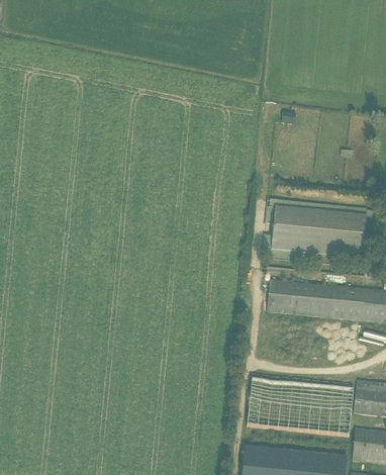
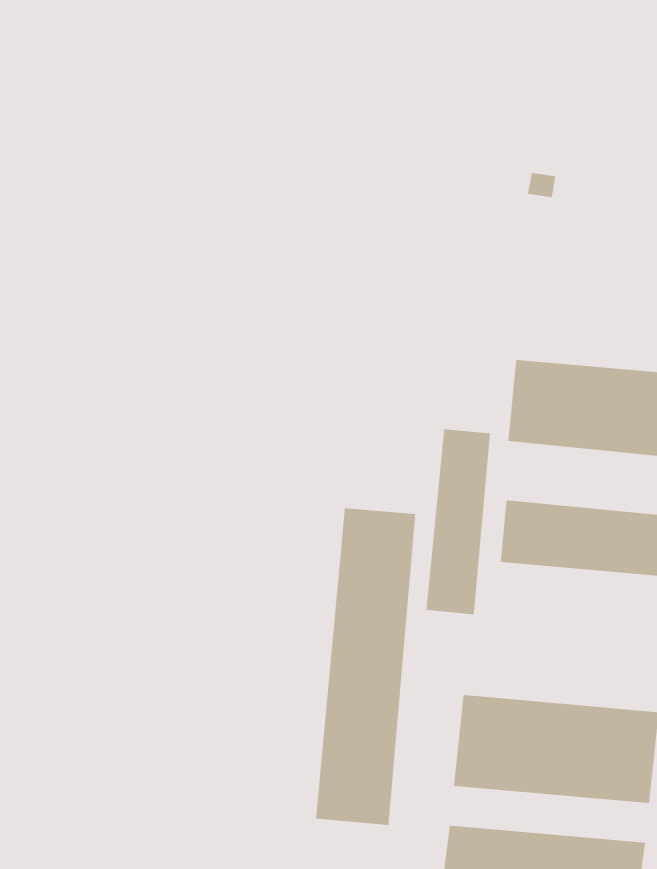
building: none -> [426,428,491,615]
building: none -> [315,507,416,826]

